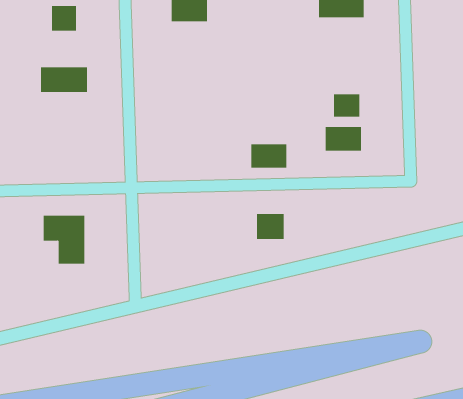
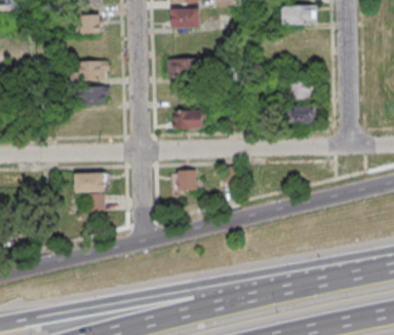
building: none -> [167,59,202,77]
building: none -> [78,87,109,105]
building: [250,144,287,168] -> [173,110,201,128]
building: [256,213,285,239] -> [175,171,197,190]

